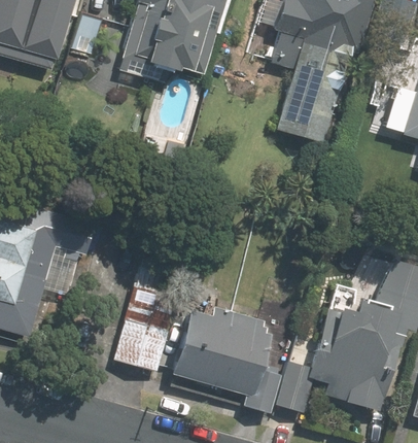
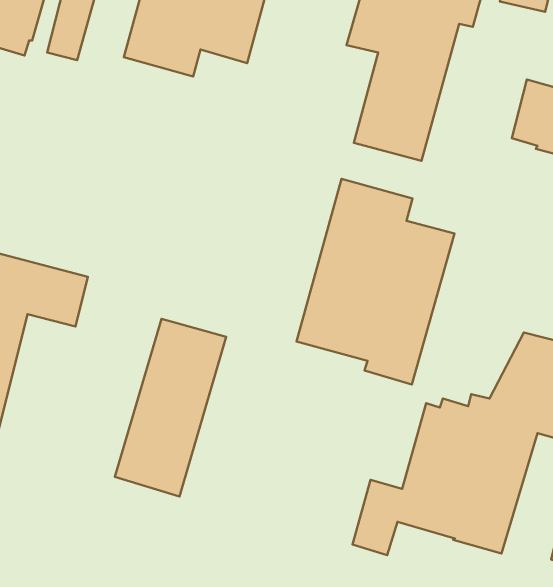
building: none -> [296,179,454,384]
building: [171,306,282,413] -> none

